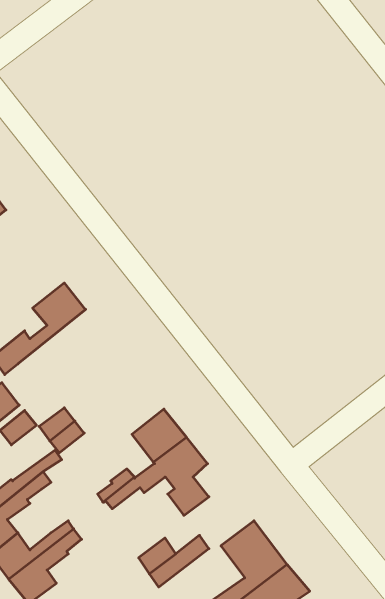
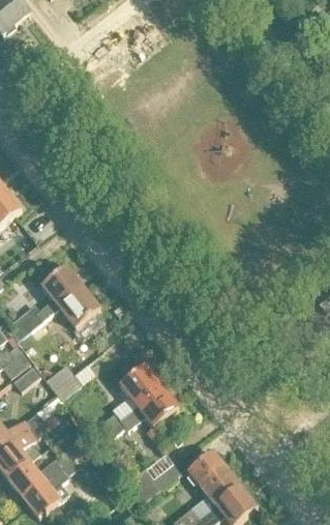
building: none -> [30,287,100,338]

